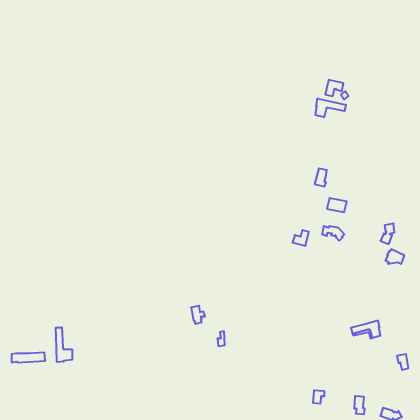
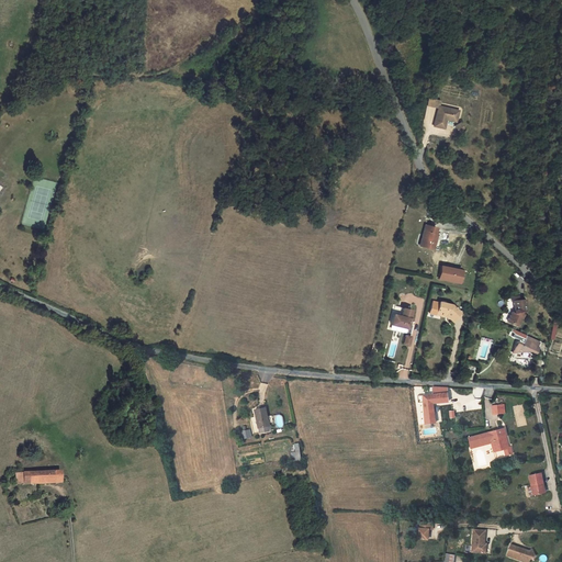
building: [315,98,346,117] -> none
building: none -> [424,386,449,425]
building: [56,327,72,362] -> none

